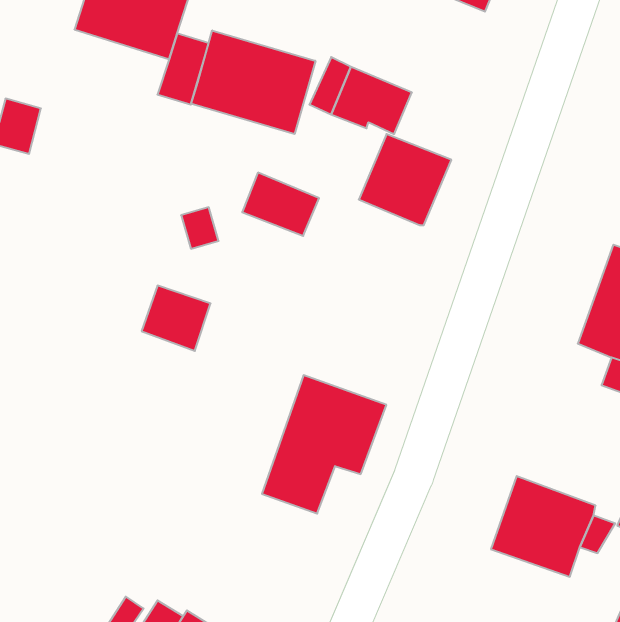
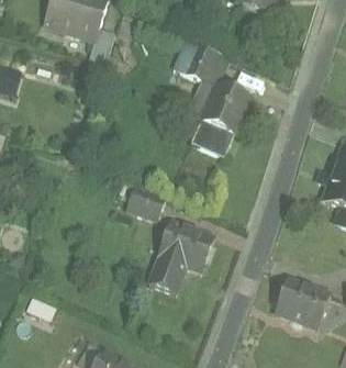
building: [191,30,315,134] -> none
building: [242,173,319,236] -> [191,121,234,156]
building: [142,286,211,351] -> [126,187,165,223]

